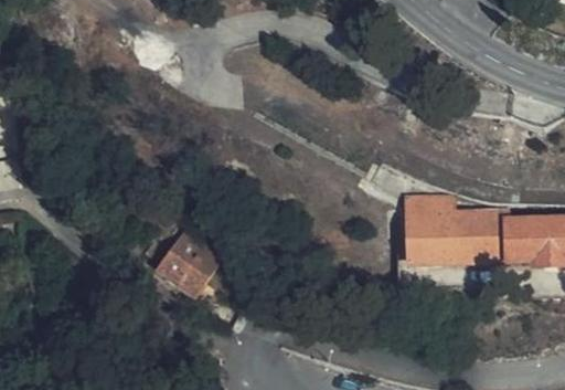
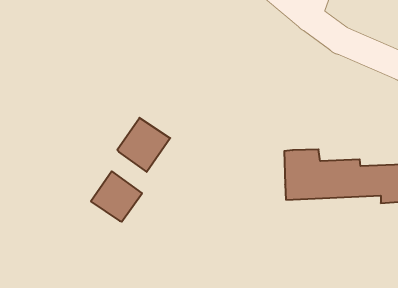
building: none -> [117,118,170,172]

